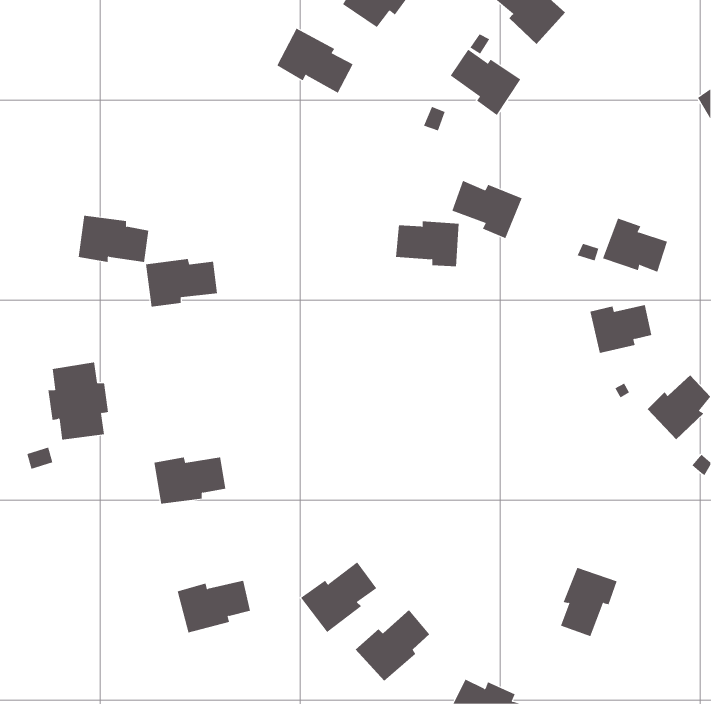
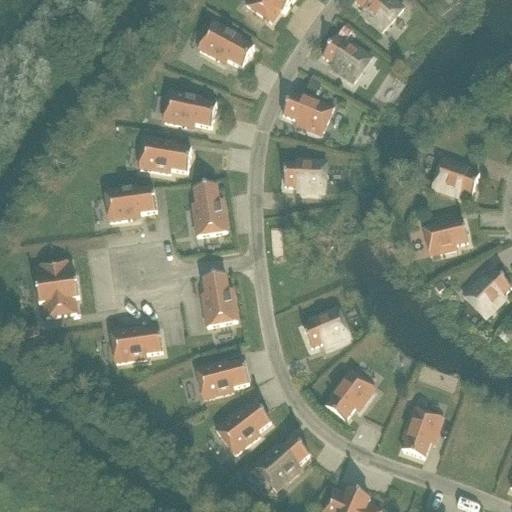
building: none -> [163,89,215,126]
building: [451,180,523,239] -> [282,91,333,133]
building: [78,215,149,263] -> [139,137,190,171]
building: none -> [193,183,227,235]
building: none -> [202,273,237,325]
building: none -> [301,305,352,346]
building: none -> [325,368,373,419]
building: [177,580,251,633] -> [195,360,248,398]

